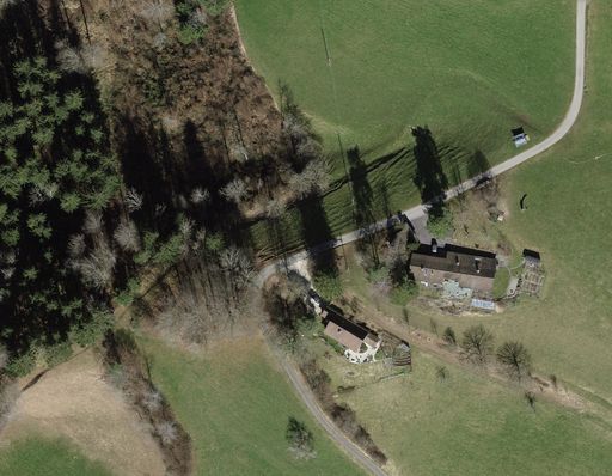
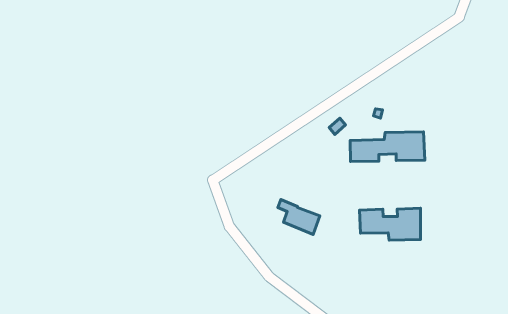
building: none -> [360,208,420,240]

